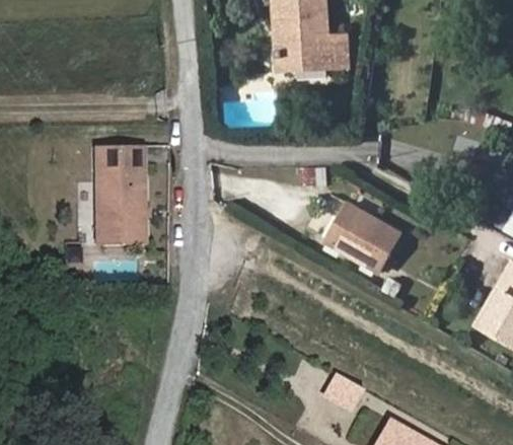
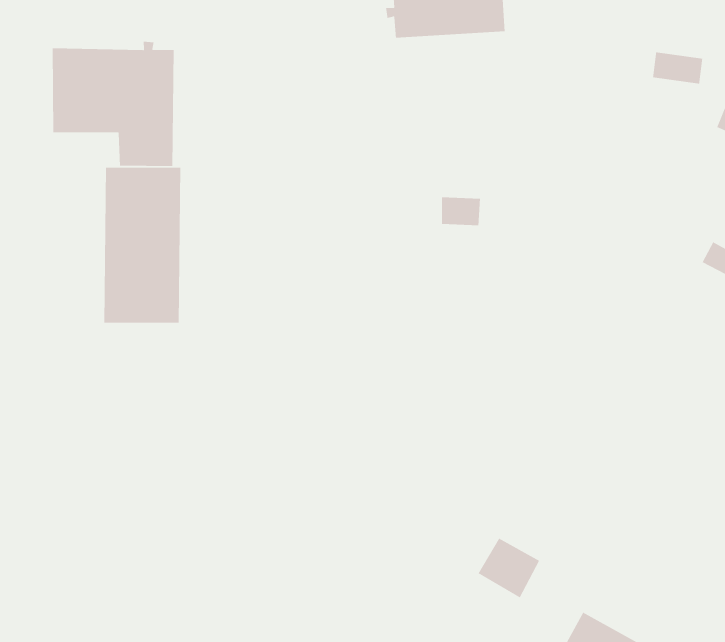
building: none -> [52,41,174,167]
building: [329,206,402,272] -> none

